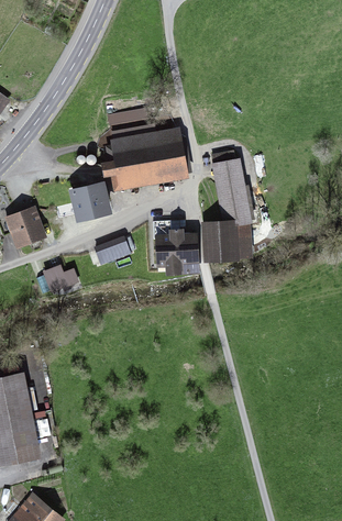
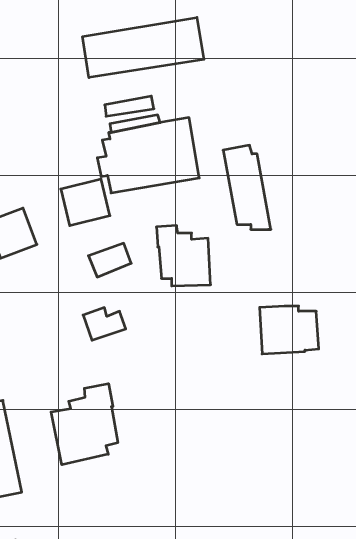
building: none -> [83,17,204,78]
building: [201,220,253,262] -> [260,306,319,354]
building: [43,265,80,293] -> [83,308,126,340]
building: none -> [51,384,118,465]

